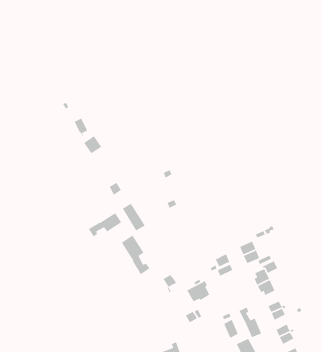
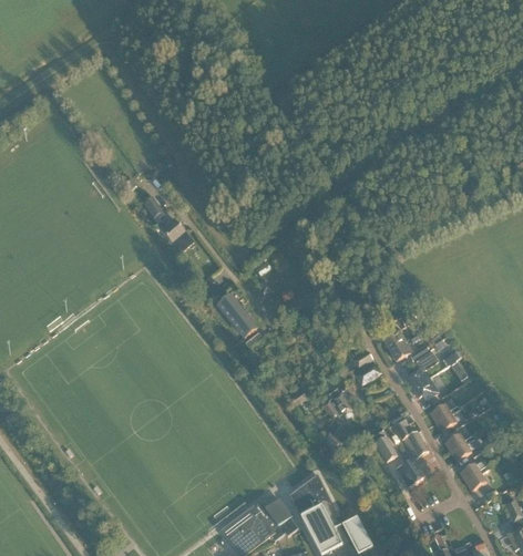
building: [88,212,122,238] -> none
building: [121,235,151,275] -> none

